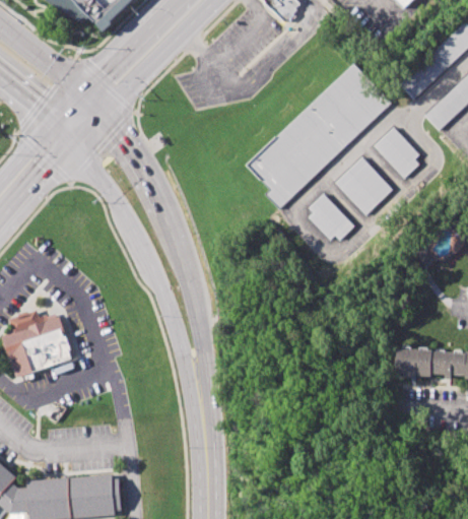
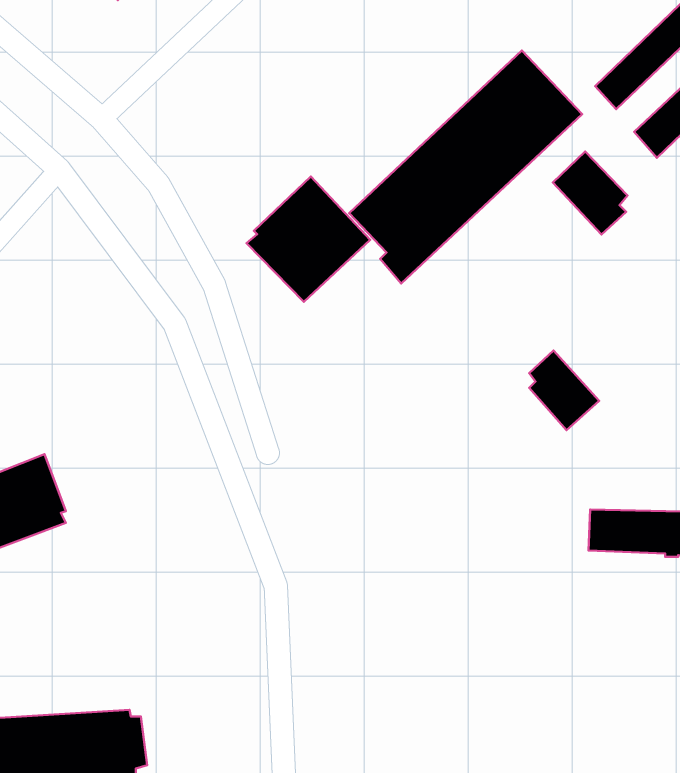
building: none -> [246,176,370,302]
building: [335,156,394,215] -> none
building: [309,193,352,243] -> [529,350,599,430]

